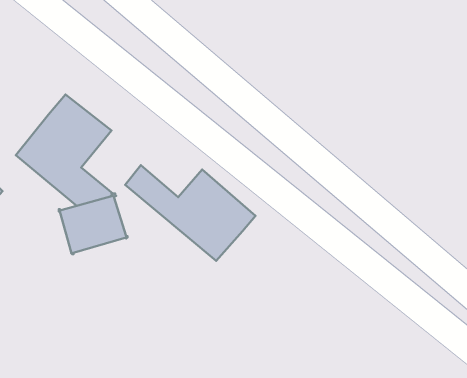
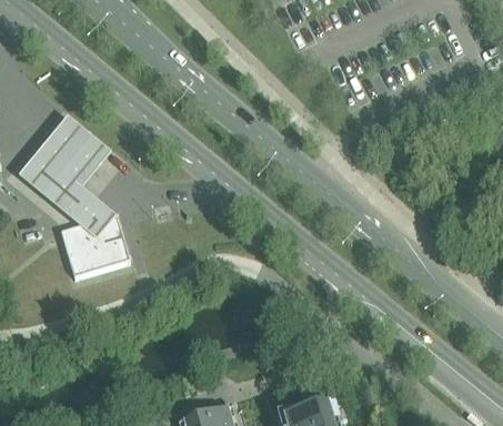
building: [125,165,255,261] -> none

